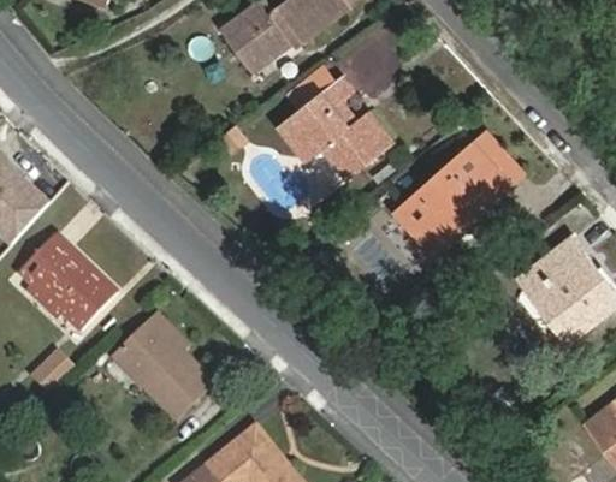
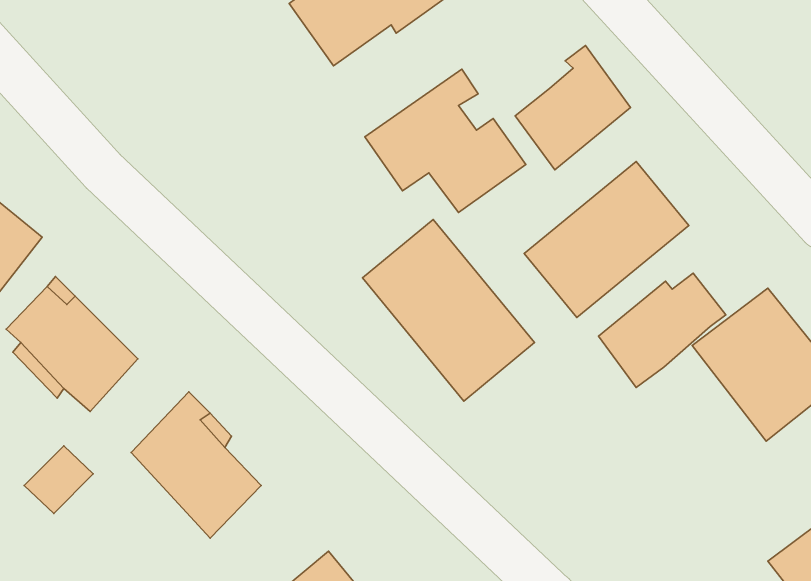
building: none -> [515,46,630,170]
building: none -> [362,219,535,401]
building: none -> [599,273,726,387]

